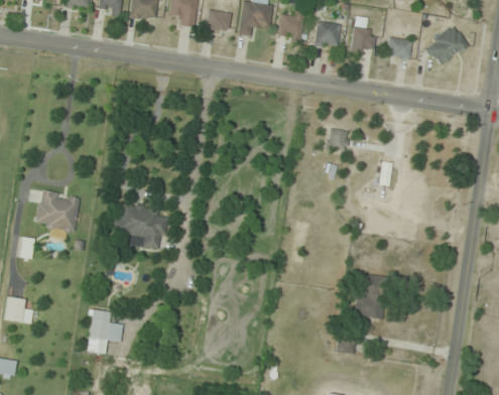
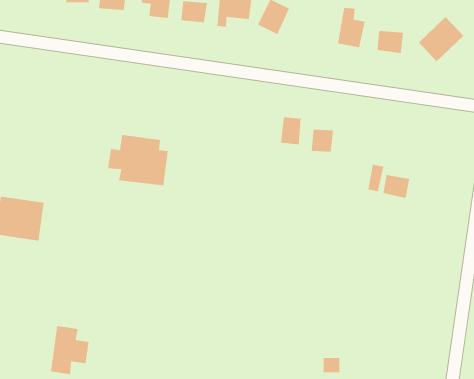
building: [316,21,340,47] -> none
building: none -> [281,117,301,145]
building: none -> [383,174,410,199]
building: [110,202,166,249] -> [107,134,169,186]
building: [355,274,385,317] -> none

